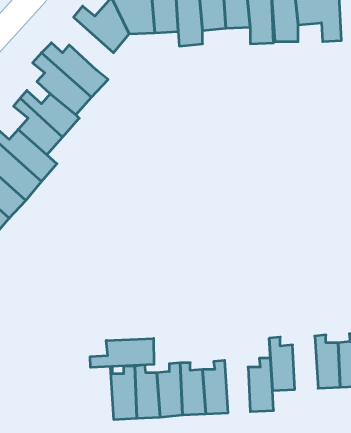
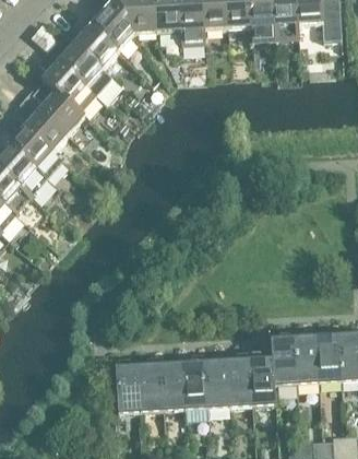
building: none -> [69,17,117,70]
building: none -> [293,331,318,384]
building: [90,338,154,367] -> none
building: none -> [226,355,251,407]

